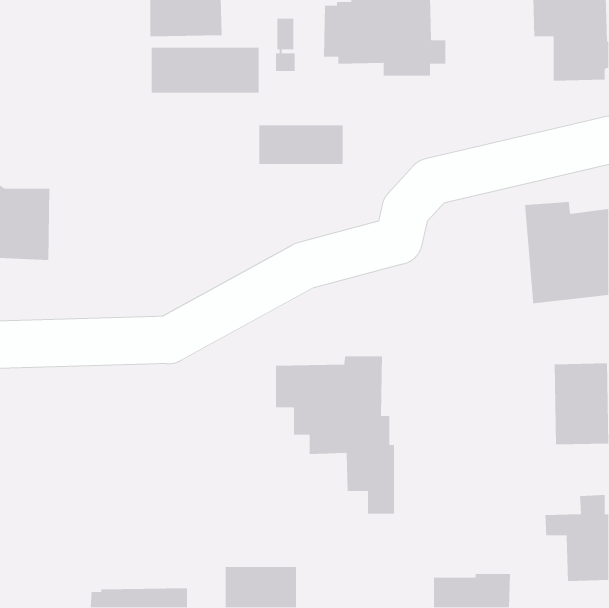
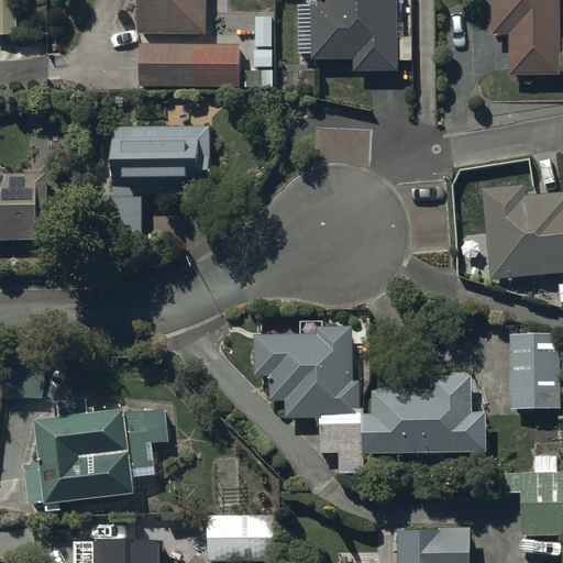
building: [259,124,343,165] -> none
building: none -> [97,126,209,236]
building: none -> [363,363,485,472]
building: none -> [23,399,167,505]

